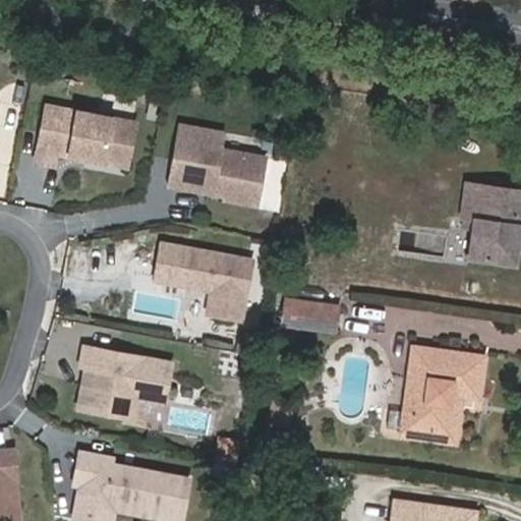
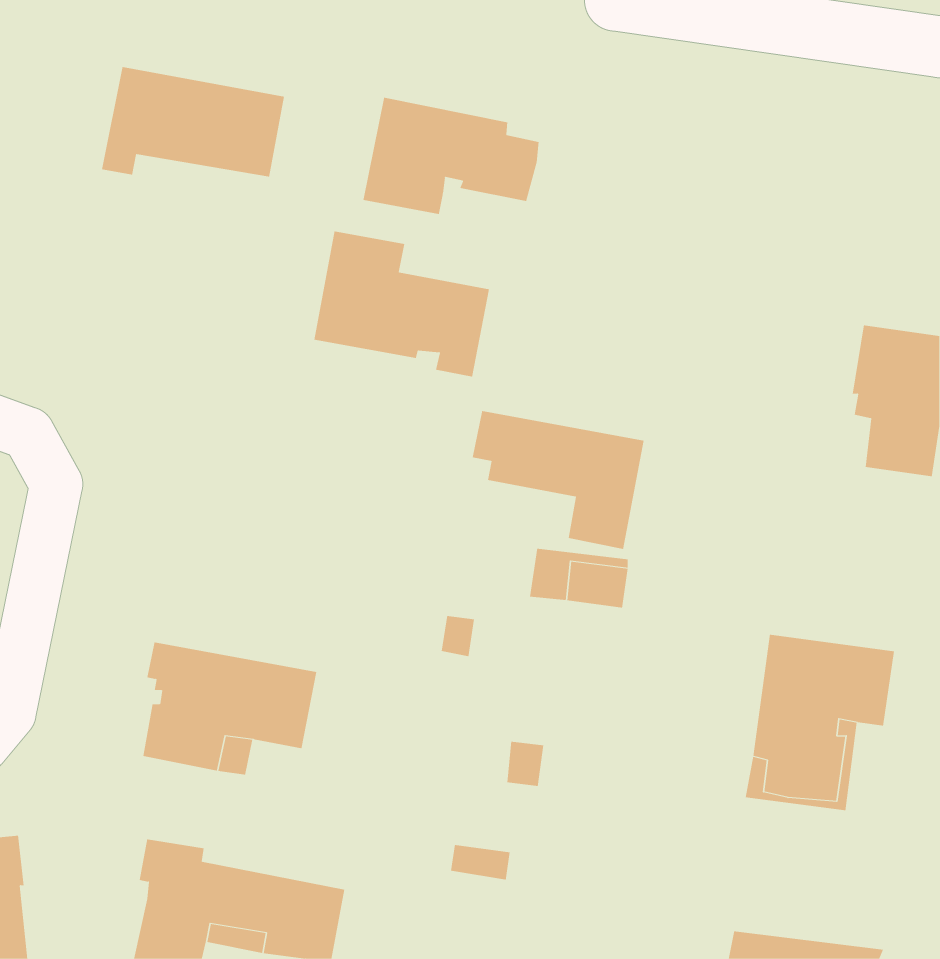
building: none -> [363,97,539,215]
building: [35,105,134,165] -> [101,66,285,177]
building: [157,244,250,320] -> [472,411,645,550]

